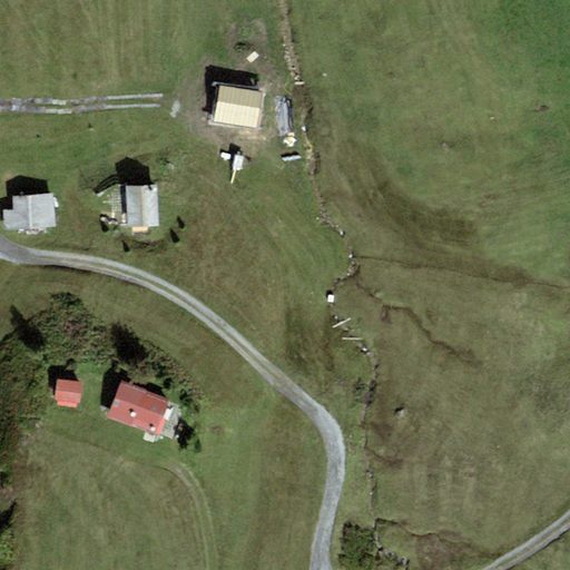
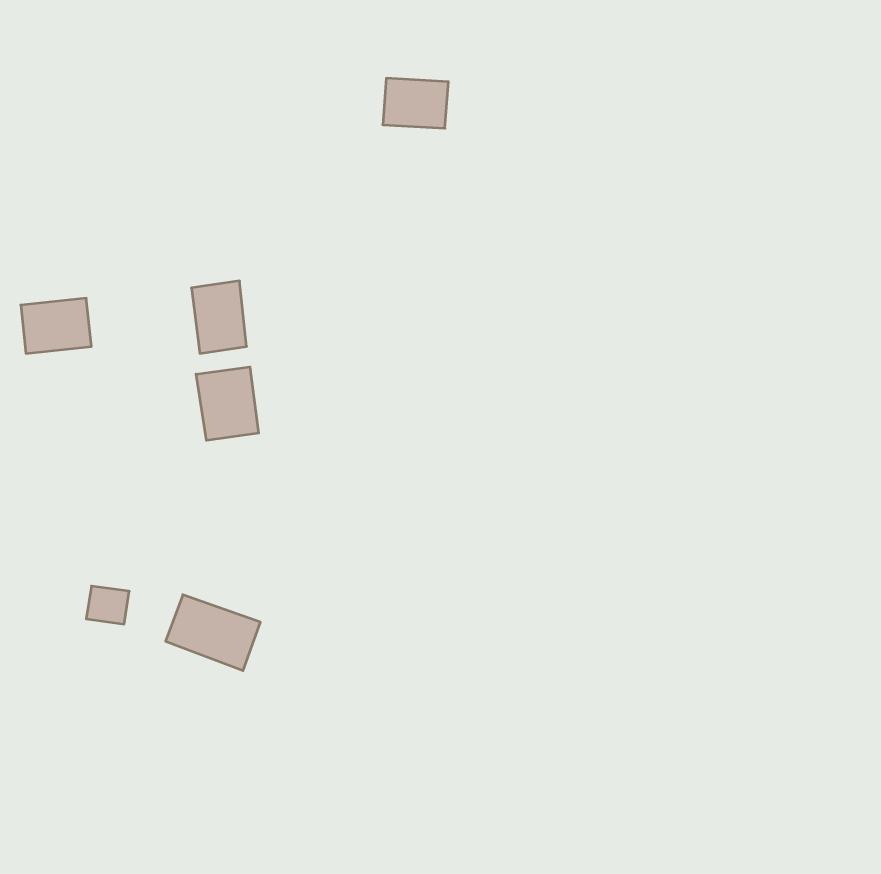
building: [215,87,257,119] -> [383,78,448,128]
building: none -> [196,367,259,440]

